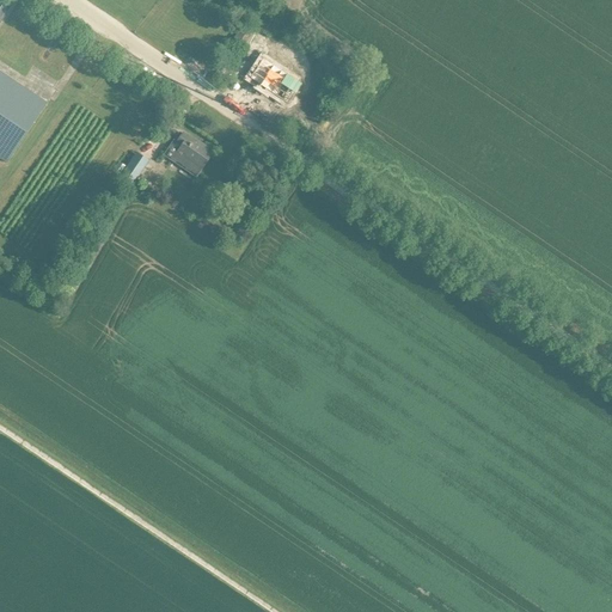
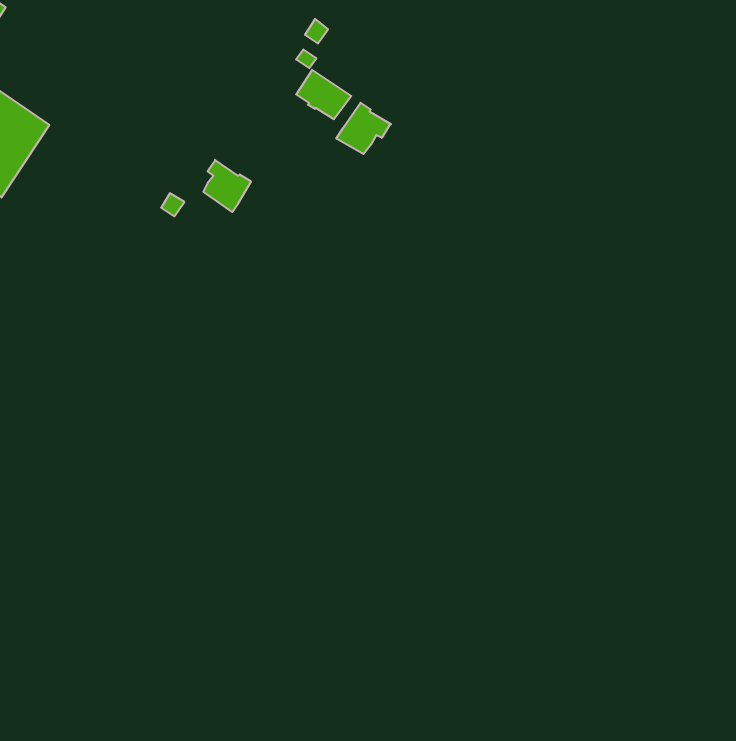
building: none -> [336,103,391,154]

